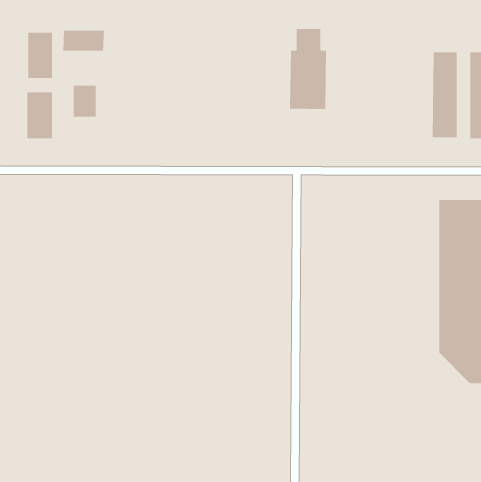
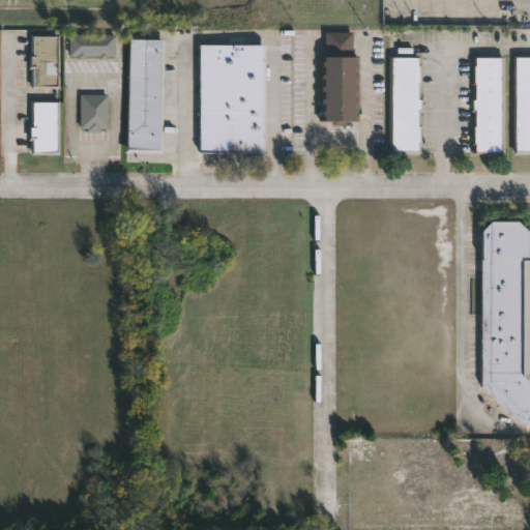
building: none -> [129,39,164,150]
building: none -> [201,45,265,153]
building: none -> [392,58,420,152]

